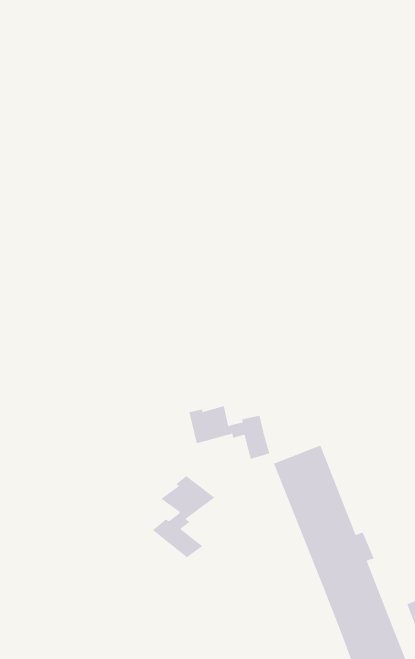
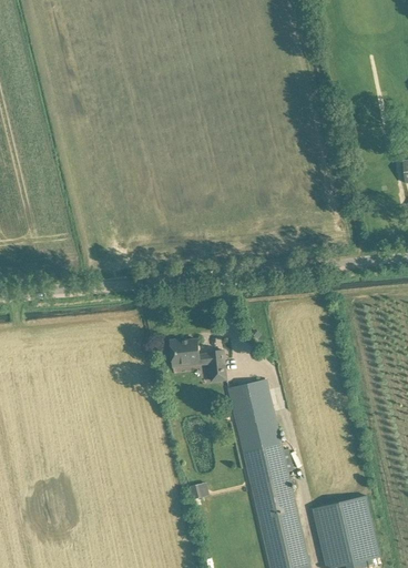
building: [152,475,215,558] -> none

